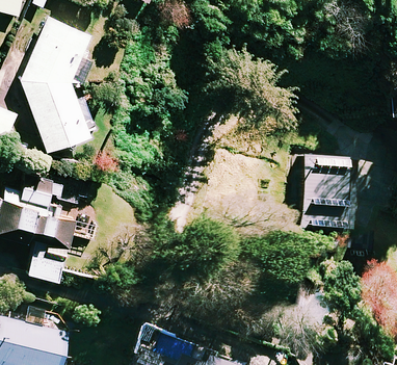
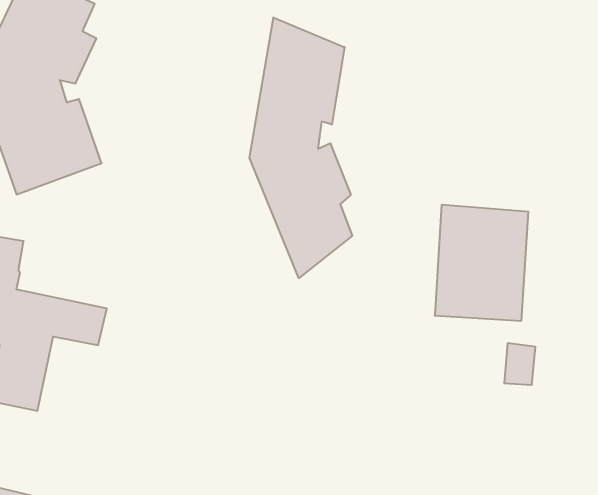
building: none -> [249,17,352,278]

